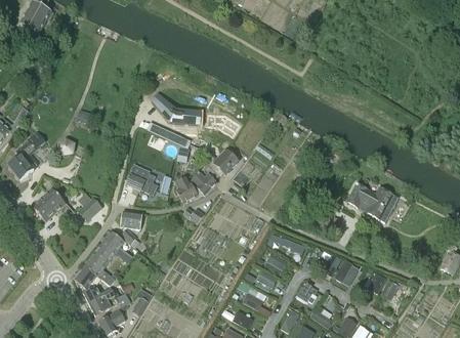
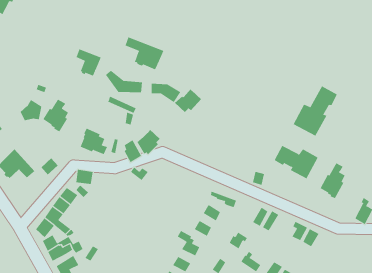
building: none -> [125,37,164,70]
building: none -> [76,48,101,77]
building: none -> [293,85,338,137]
building: none -> [42,99,69,132]
building: [206,149,238,176] -> [174,89,202,113]
building: none -> [320,163,345,199]

